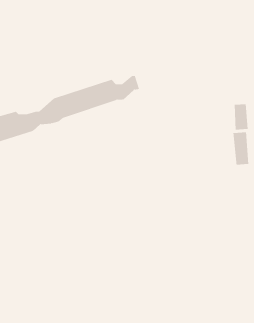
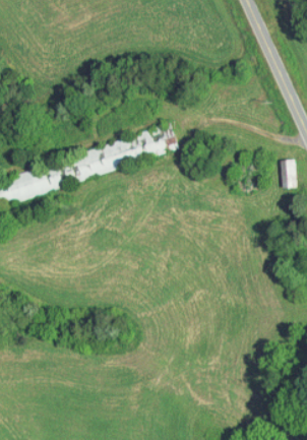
building: [233,131,249,166] -> none

